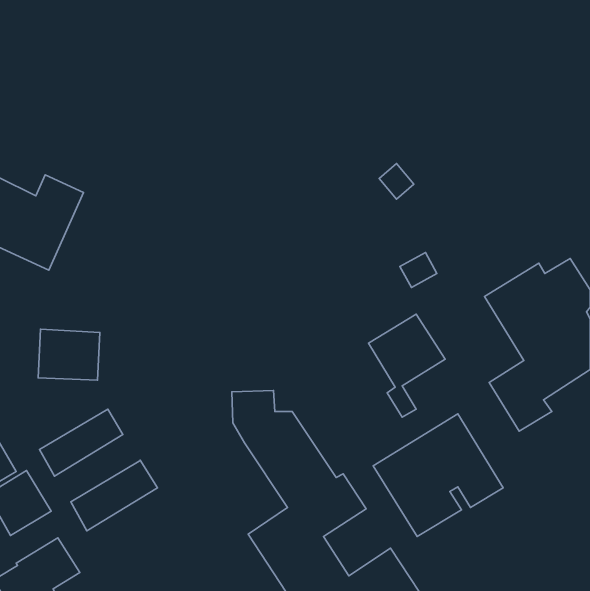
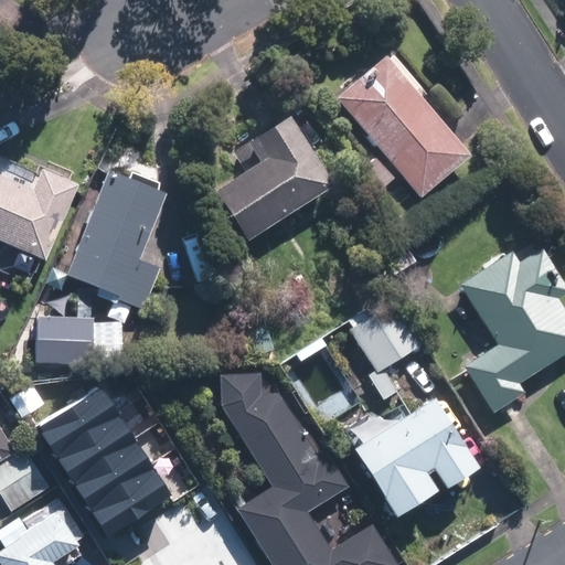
building: none -> [338,54,472,196]
building: none -> [217,115,335,238]
building: none -> [67,169,168,309]
building: none -> [52,415,132,479]
building: none -> [83,466,168,536]

